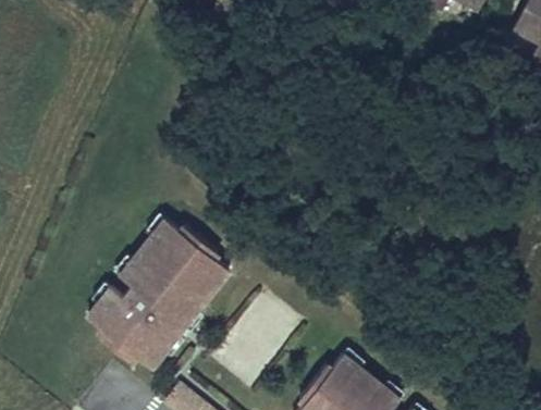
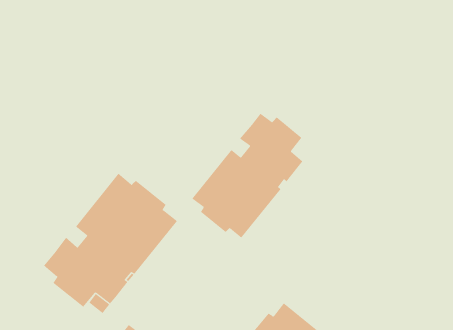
building: none -> [192,113,303,239]

